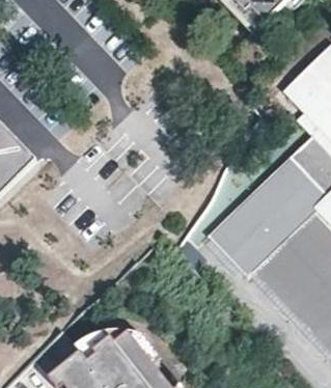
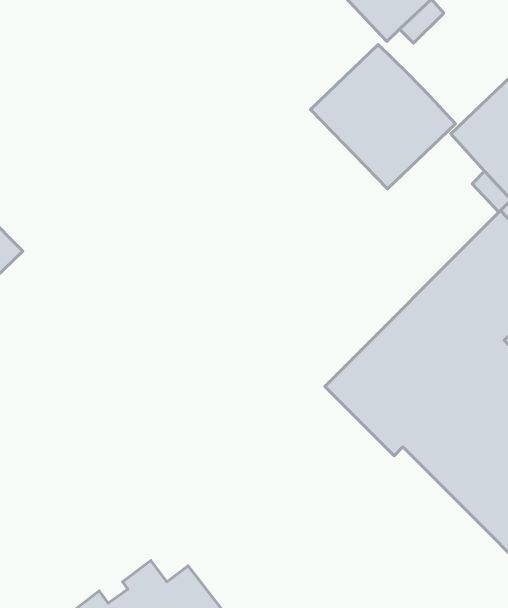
building: none -> [310,44,455,189]

